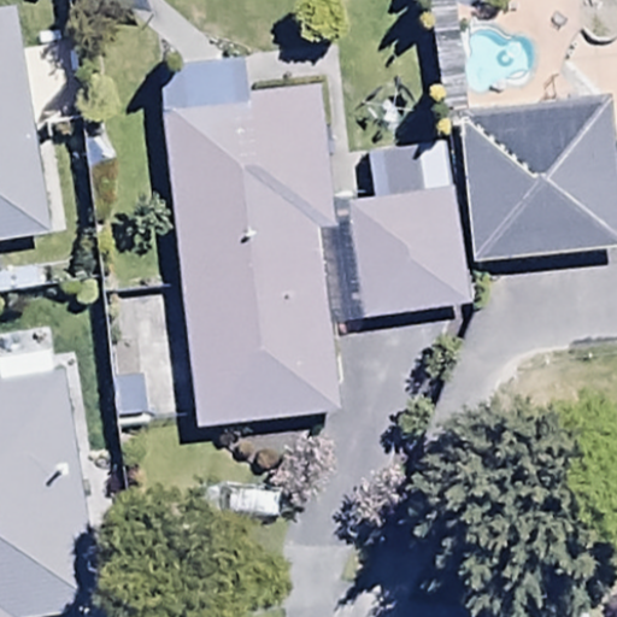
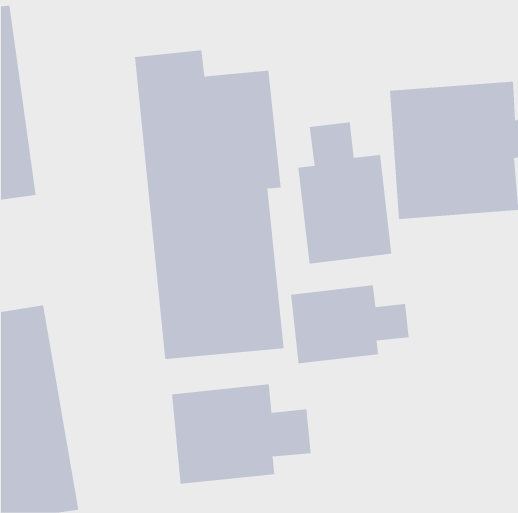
building: none -> [291,284,409,364]
building: none -> [171,383,311,484]

